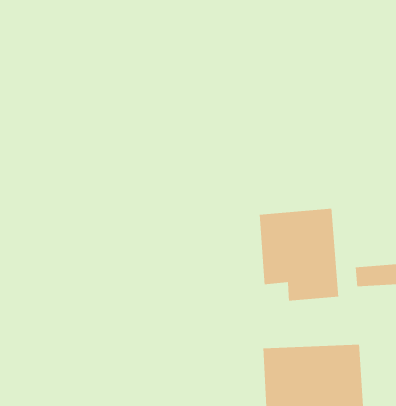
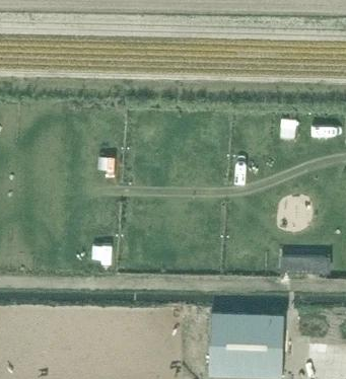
building: [259,208,339,301] -> none

